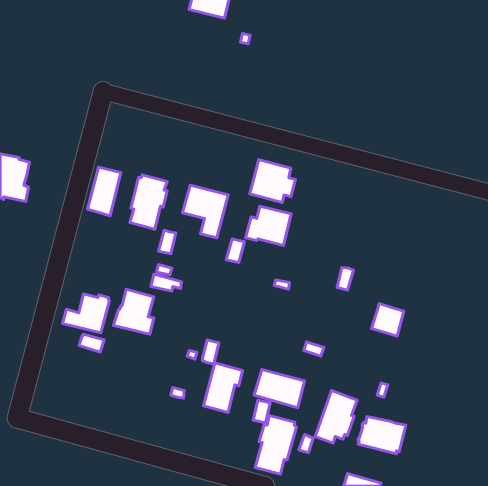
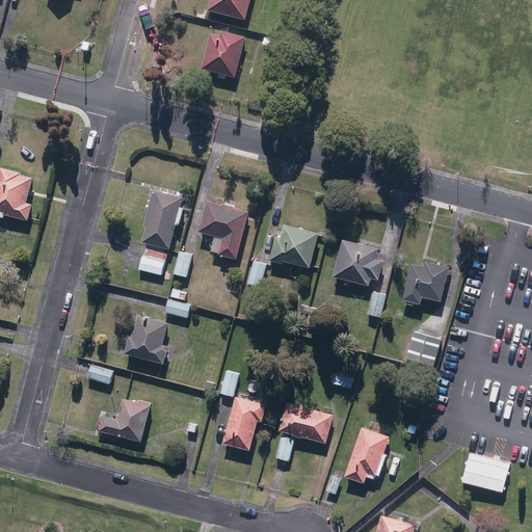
building: none -> [201,31,244,78]
building: [250,160,296,203] -> [331,239,381,286]
building: [87,167,121,216] -> none
building: none -> [139,244,168,274]
building: none -> [400,260,448,304]
building: [63,294,109,333] -> [99,399,150,442]
building: [255,415,297,474] -> none
building: [358,416,406,454] -> [459,451,511,491]

